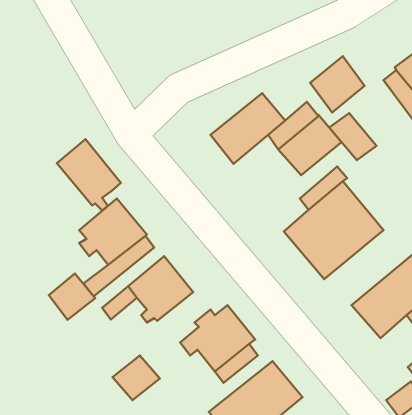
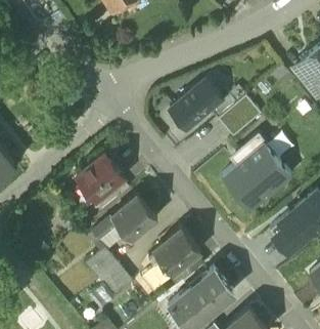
building: [310,56,365,112] -> none
building: [329,113,377,160] -> none
building: [57,139,121,211] -> none
building: [49,274,95,320] -> [87,248,120,281]

